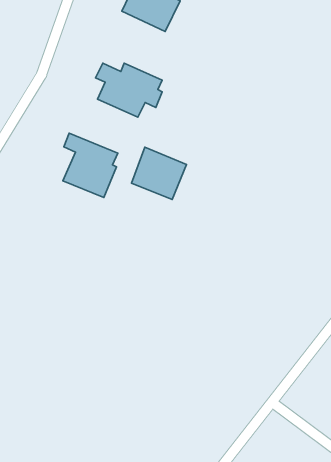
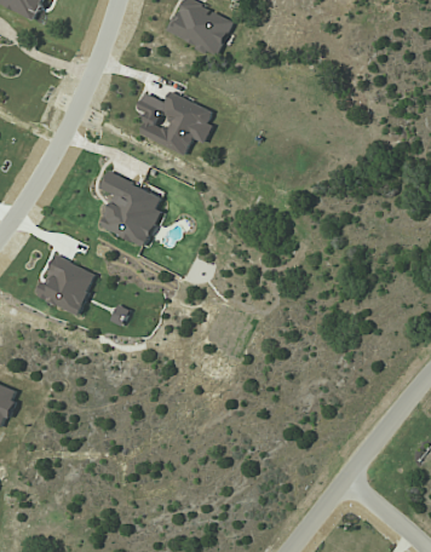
building: [131,147,187,199] -> none
building: none -> [35,257,96,316]

